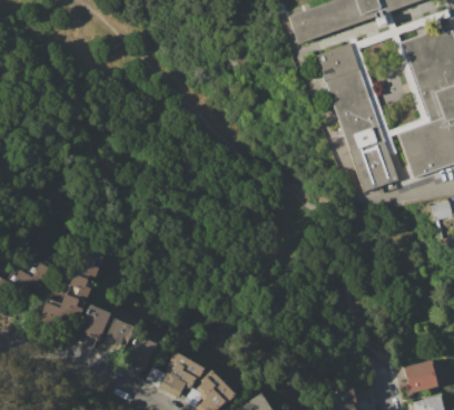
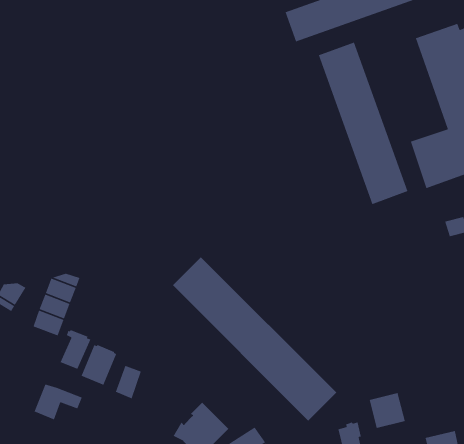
building: none -> [172,256,337,422]
building: [37,299,81,332] -> [34,384,83,420]
building: [145,351,205,398] -> none
building: [404,360,437,393] -> [369,392,406,429]

